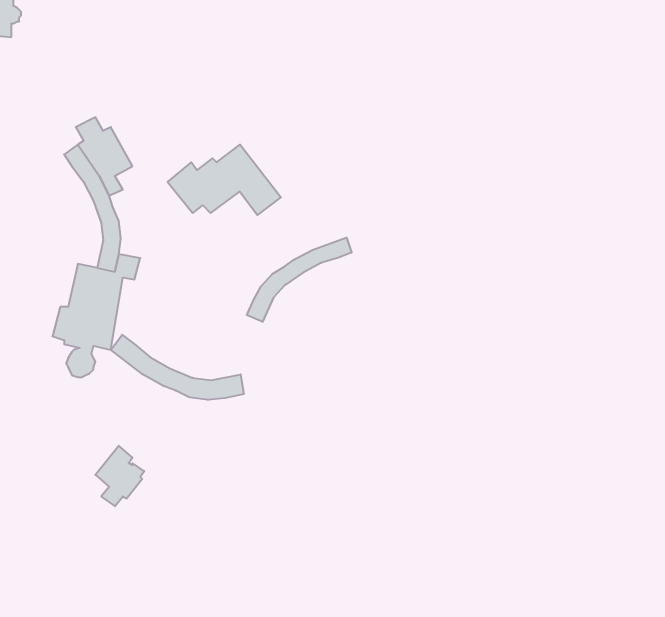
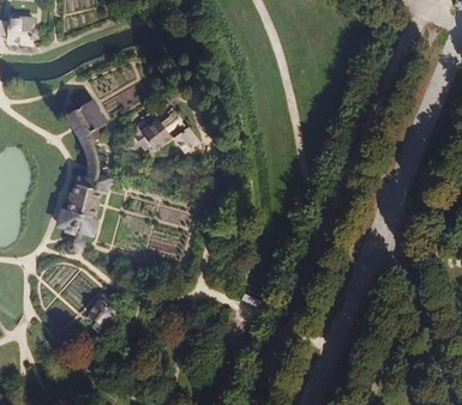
building: [247,238,352,322] -> none
building: [111,335,244,400] -> none

